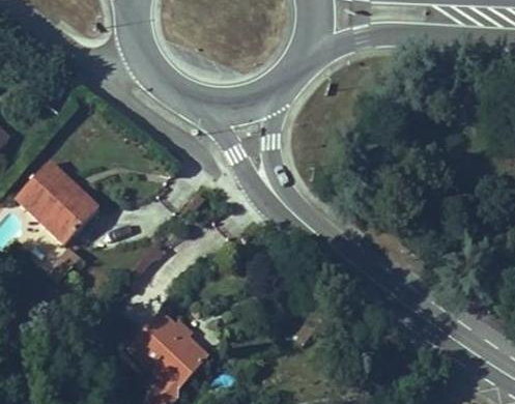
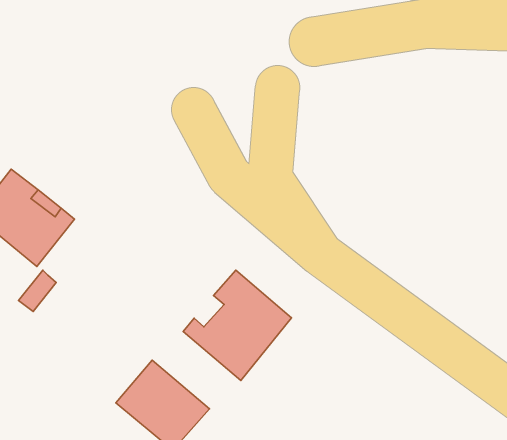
building: none -> [183,270,292,380]

